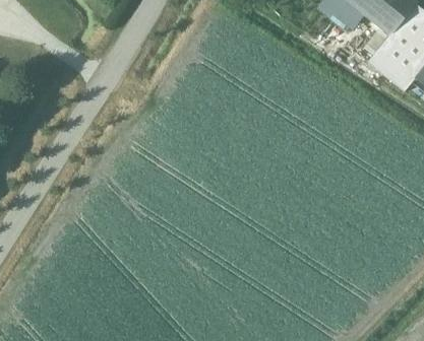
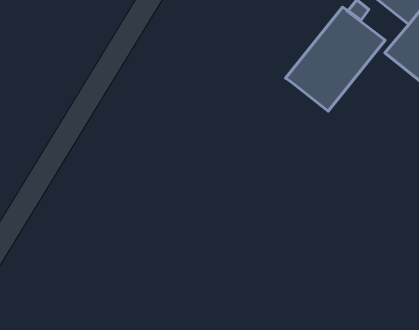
building: none -> [286,7,385,111]

